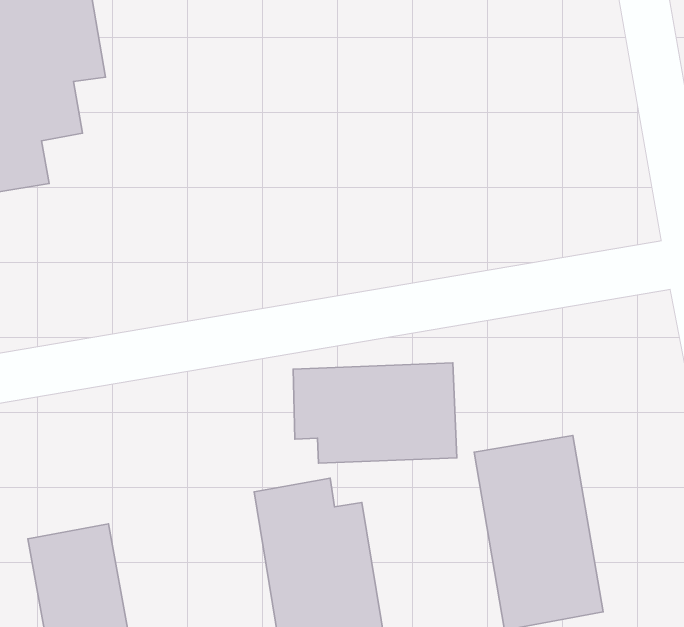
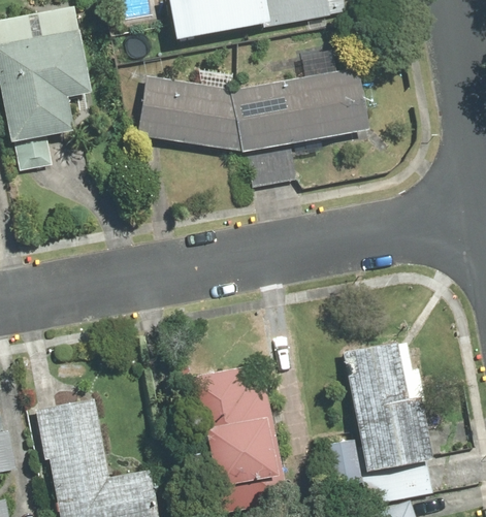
building: none -> [136,67,367,188]
building: [293,363,457,463] -> none

